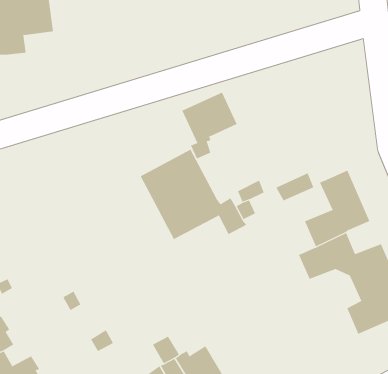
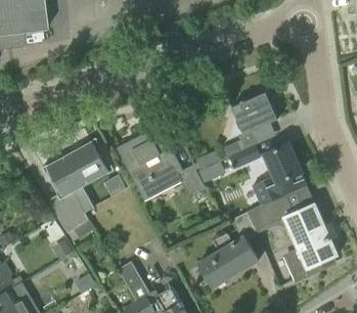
building: [181,92,237,159] -> [231,92,277,147]
building: none -> [43,139,113,232]
building: none -> [197,213,258,287]

